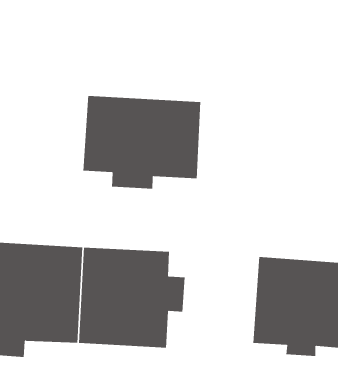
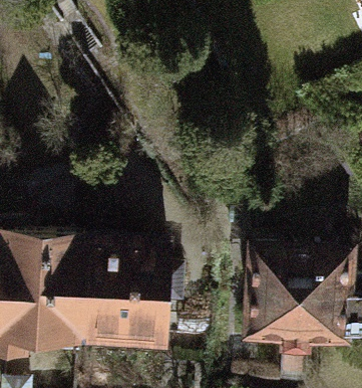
building: [83,95,201,189] -> none

